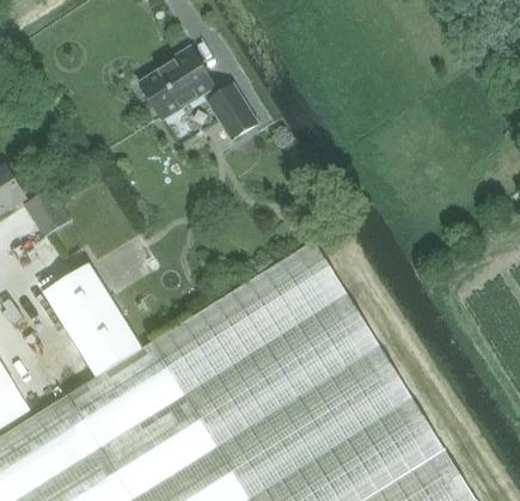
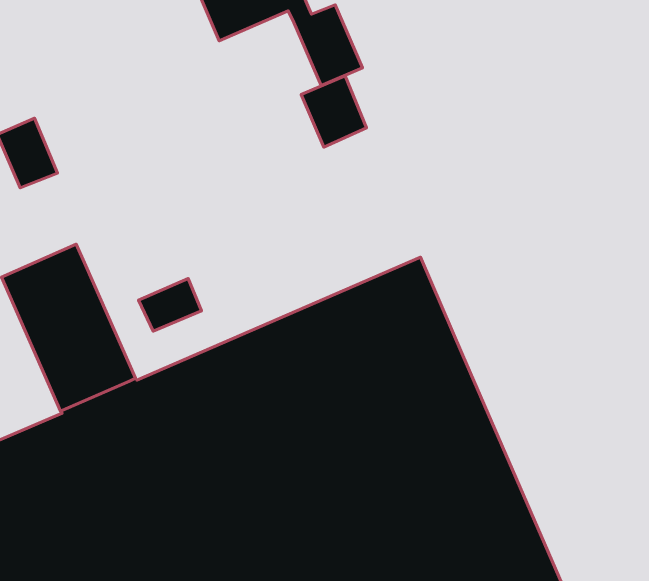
building: none -> [301,76,367,147]
building: none -> [139,278,201,331]

